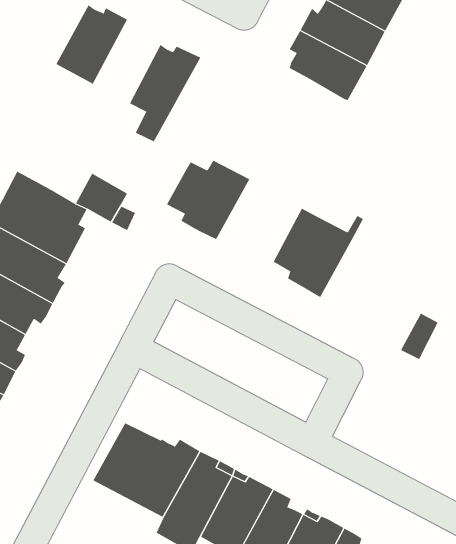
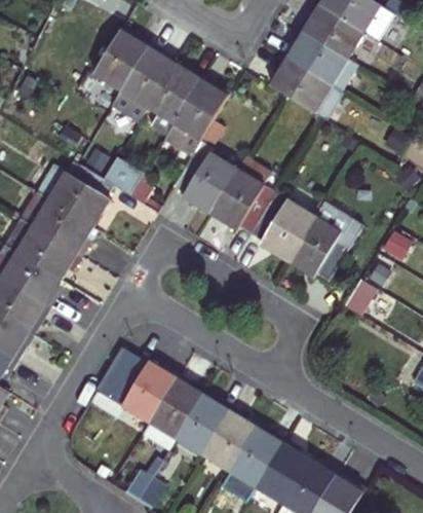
building: none -> [112,41,175,120]
building: none -> [164,74,228,156]
building: none -> [208,170,275,234]
building: none -> [285,206,359,282]

